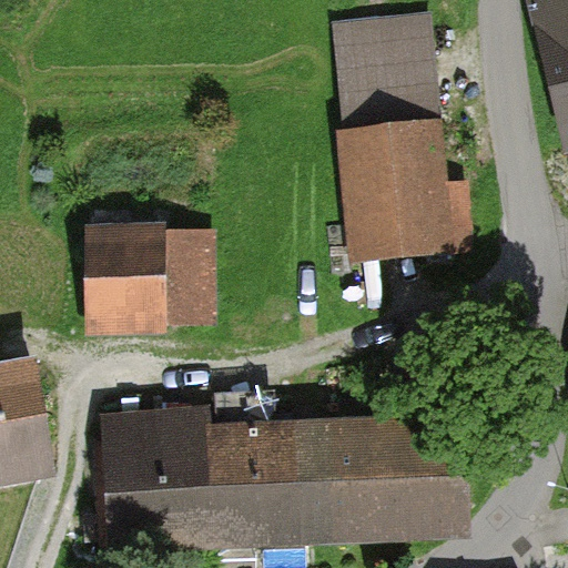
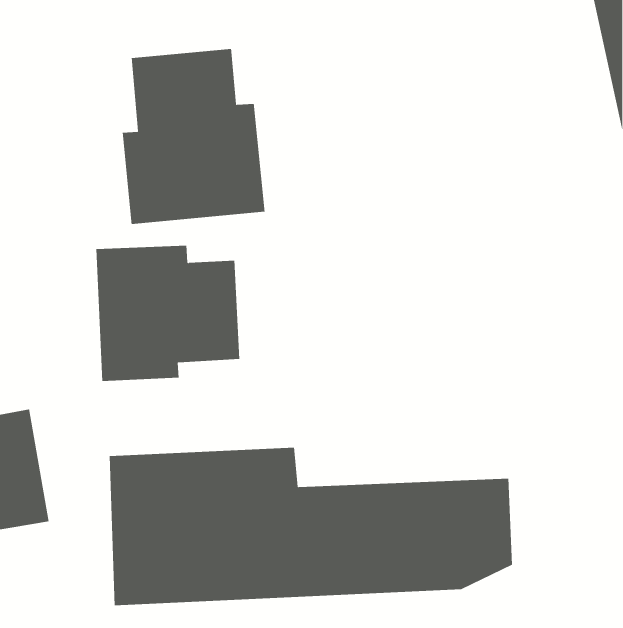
building: [333,20,474,260] -> none
building: none -> [122,48,265,225]

